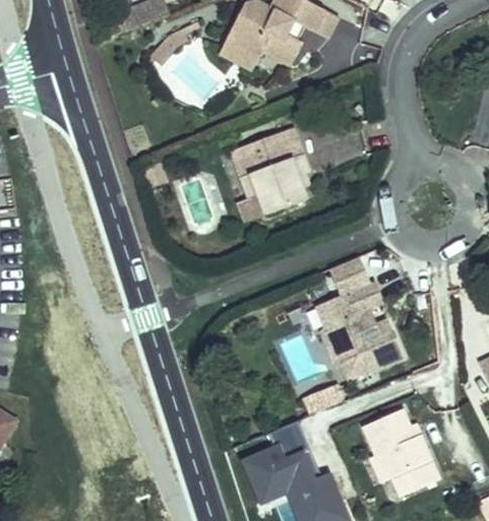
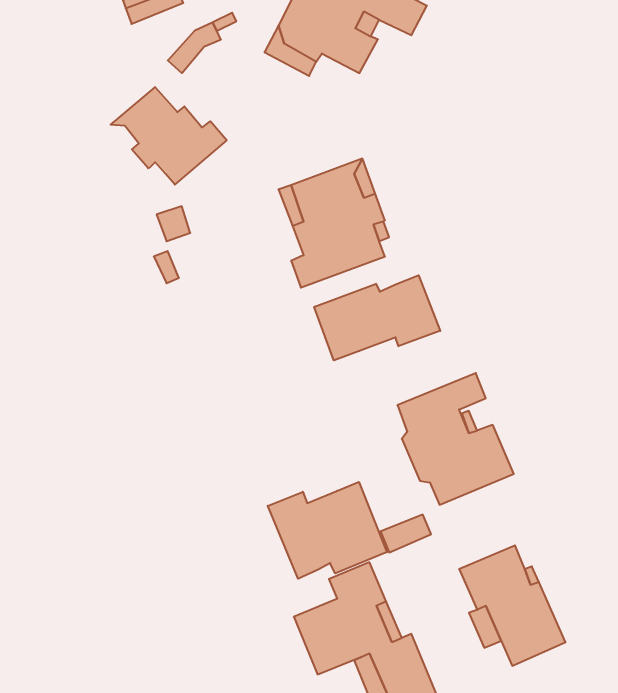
building: none -> [111,87,227,185]
building: none -> [314,275,440,360]
building: none -> [268,482,387,579]

